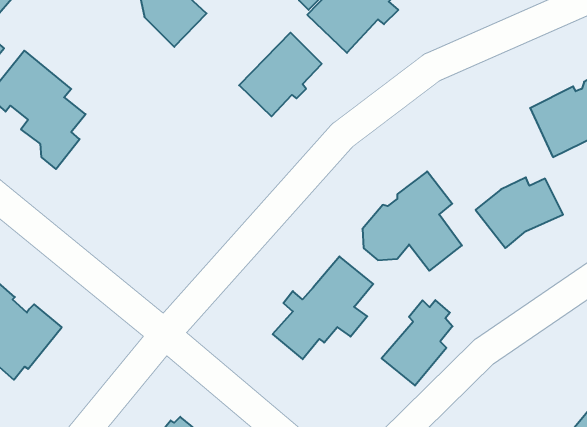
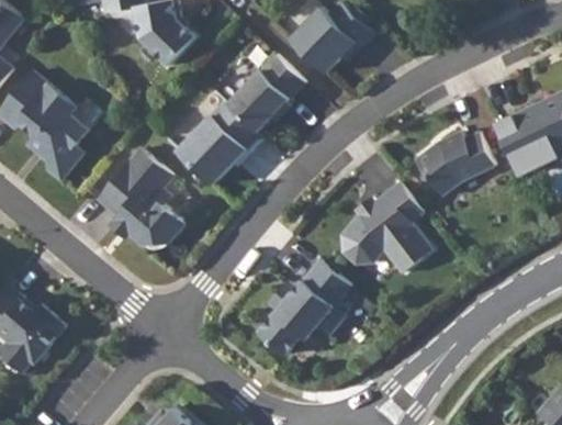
building: none -> [179,102,263,184]
building: none -> [99,147,186,243]
building: [476,177,563,248] -> [416,130,496,194]
building: [382,300,453,386] -> none

